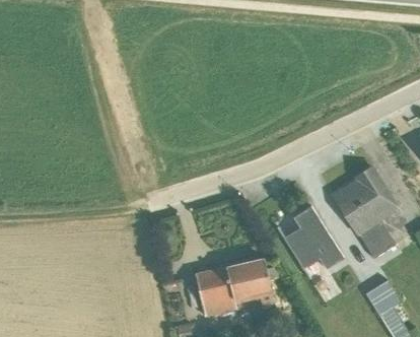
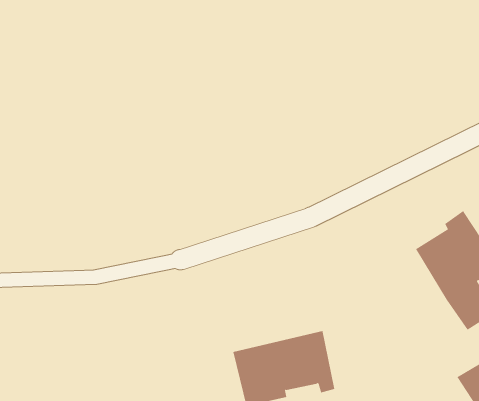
building: [284,206,343,268] -> none

